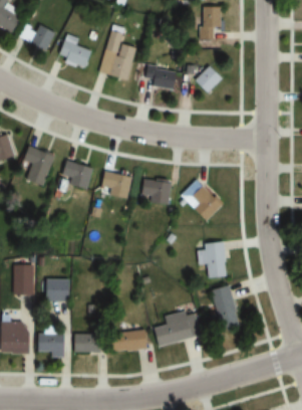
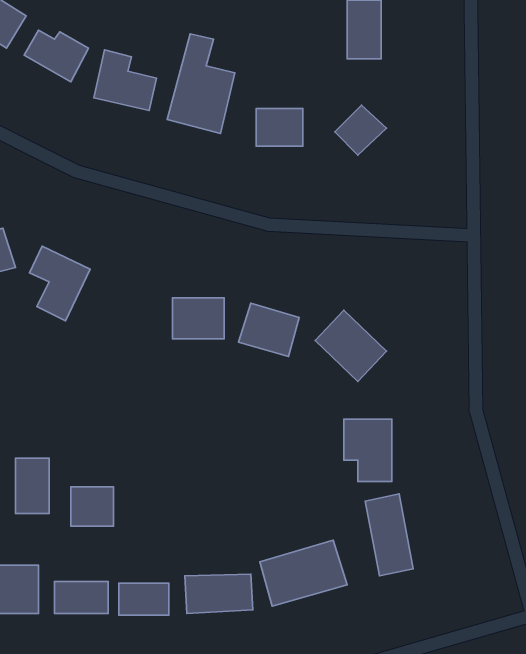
building: [60,160,94,191] -> none

